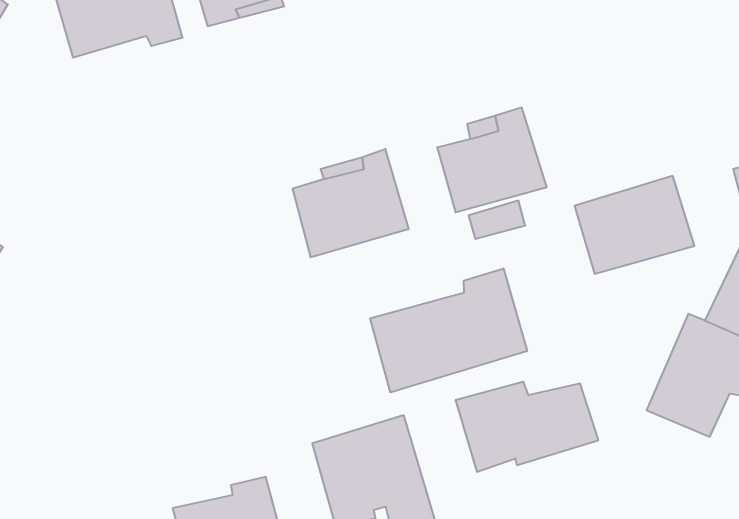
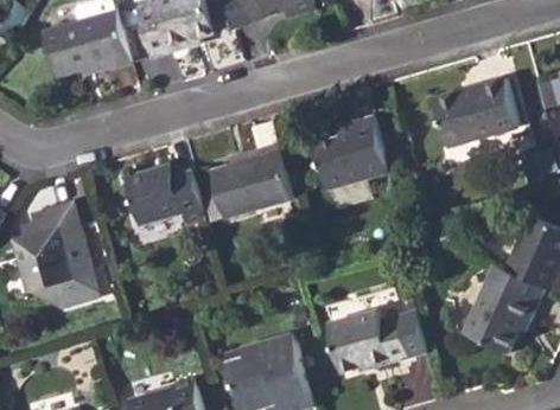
building: none -> [125,162,206,225]
building: [575,176,694,274] -> [431,75,516,145]
building: none -> [13,201,98,308]
building: [370,268,527,392] -> none

